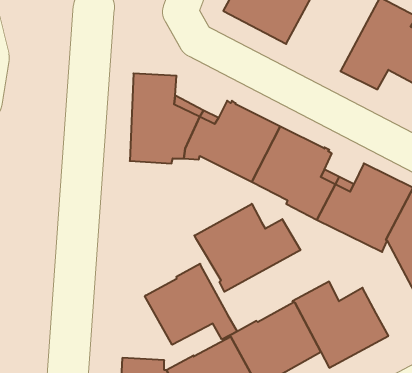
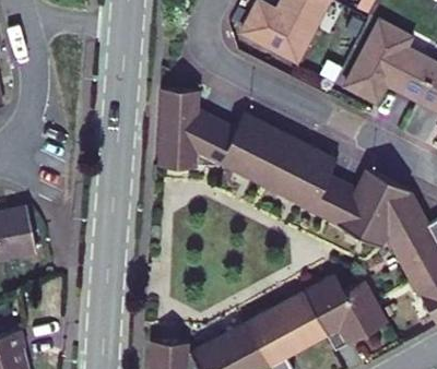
building: [194,204,300,292] -> none
building: [145,264,237,345] -> none

